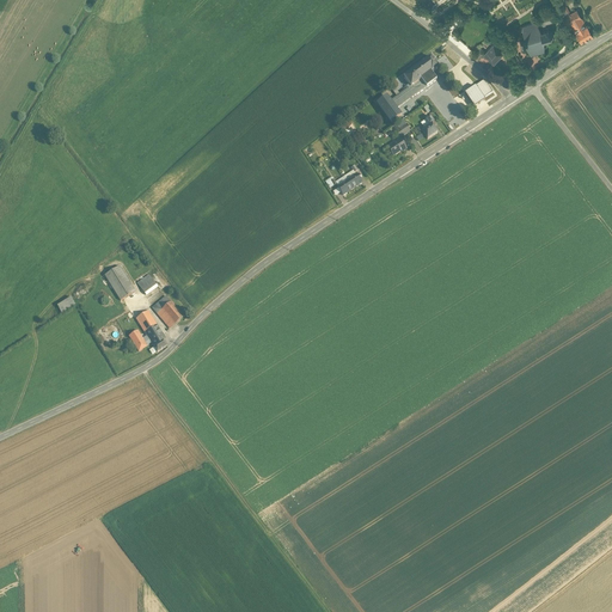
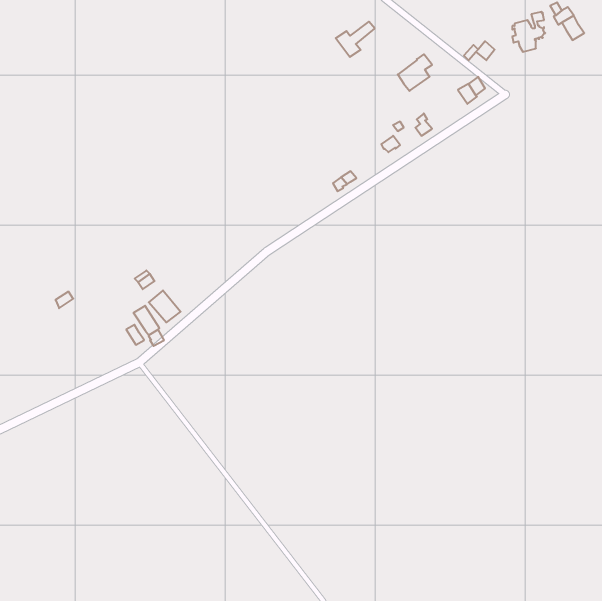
building: [375,85,415,121] -> [336,22,375,57]
building: [104,264,134,299] -> none

